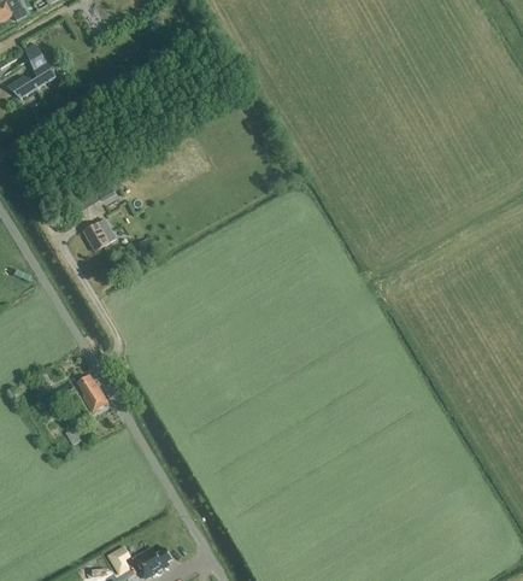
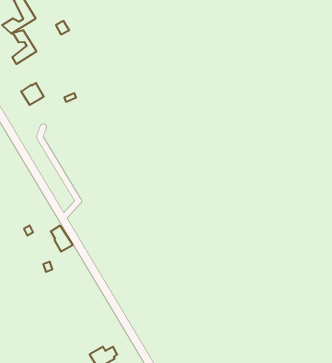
building: none -> [12,30,36,64]
building: [82,219,114,251] -> [21,83,44,105]

